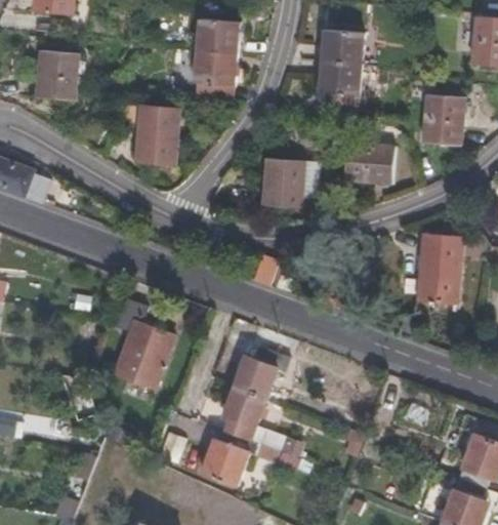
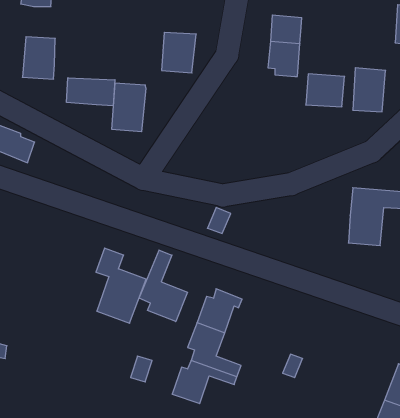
building: [198,16,237,49] -> none
building: none -> [67,78,115,106]
building: [347,142,393,180] -> [306,74,345,107]
building: [250,154,305,205] -> none
building: none -> [139,250,187,322]

